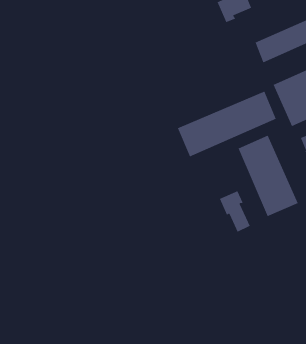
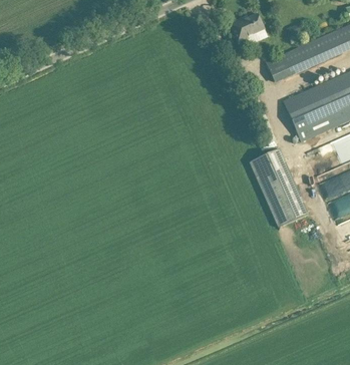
building: [177,90,277,157] -> none
building: [219,190,251,233] -> none

